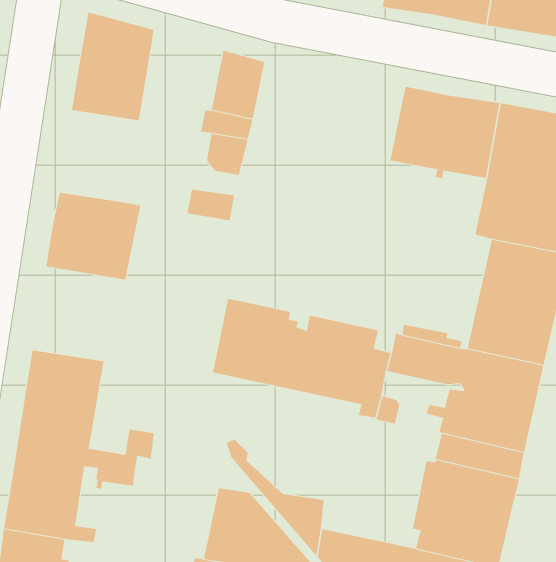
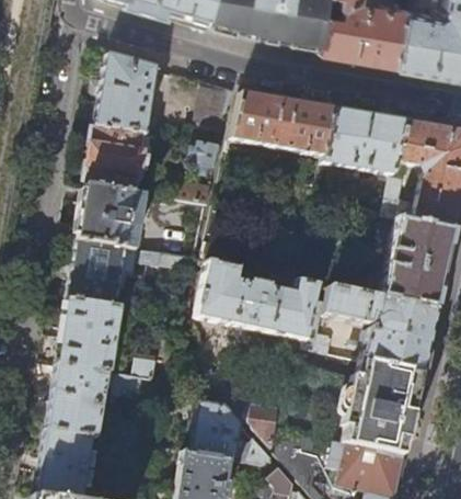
building: none -> [230,92,336,157]
building: none -> [87,126,162,193]
building: none -> [67,239,163,307]

